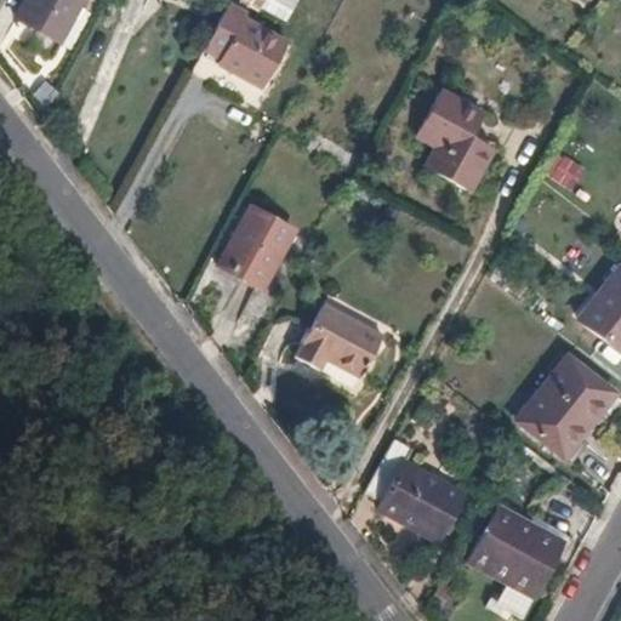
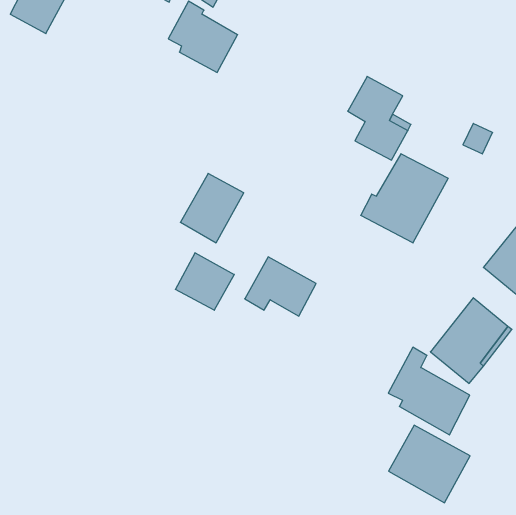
building: none -> [361,154,448,243]
building: none -> [175,253,234,310]
building: [366,437,463,541] -> [388,347,470,435]

